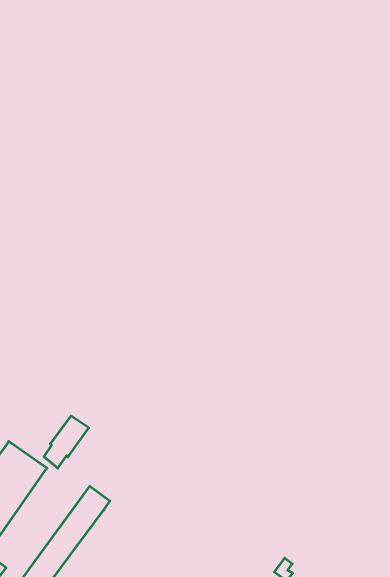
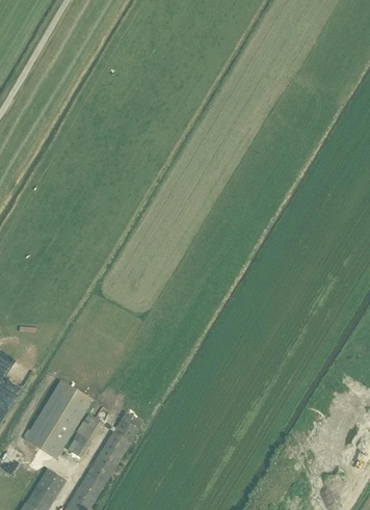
building: [44,416,89,468] -> [69,417,102,458]

